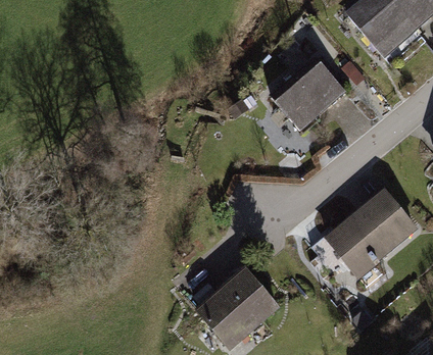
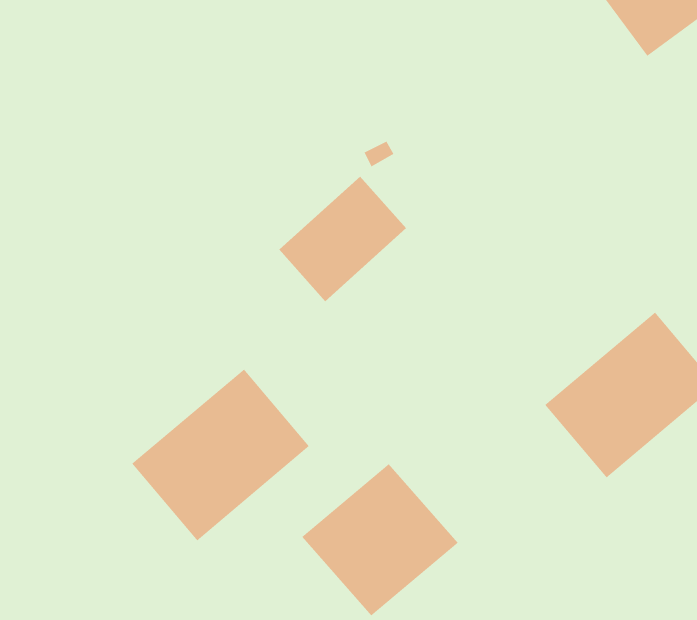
building: [274,59,341,125] -> [279,176,407,302]
building: none -> [131,368,310,541]

